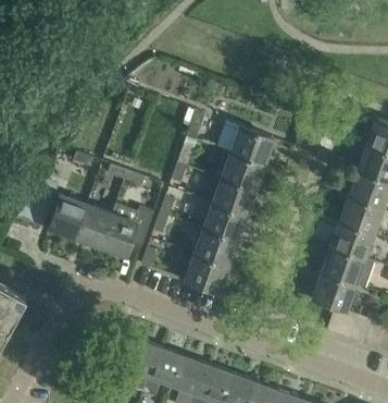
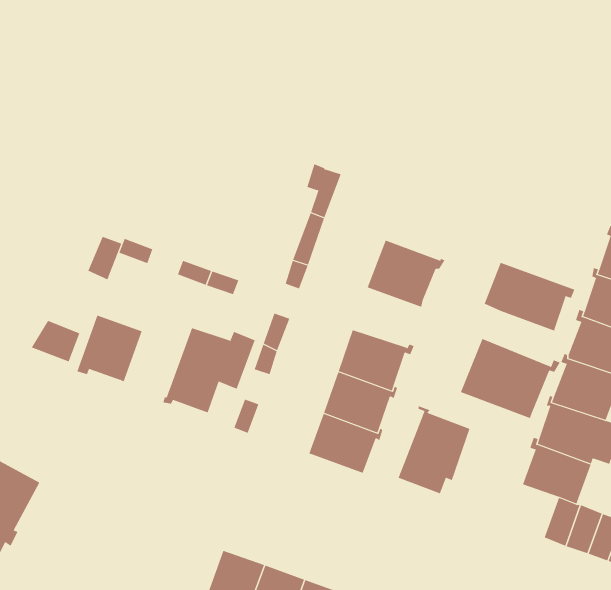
building: [222,124,276,166] -> [484,262,575,331]
building: [212,182,258,218] -> none
building: [73,205,116,247] -> none
building: none -> [460,338,560,419]
building: none -> [398,405,470,494]

